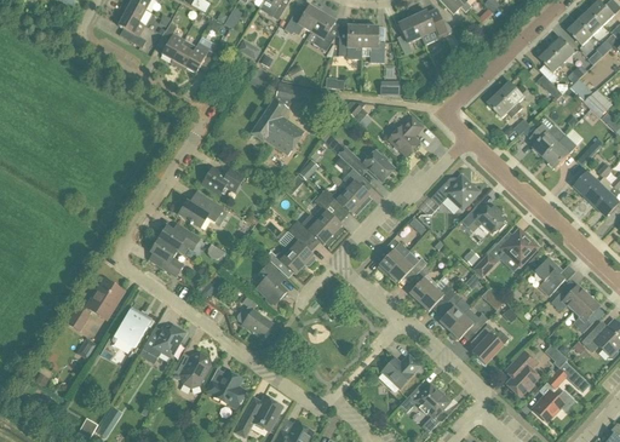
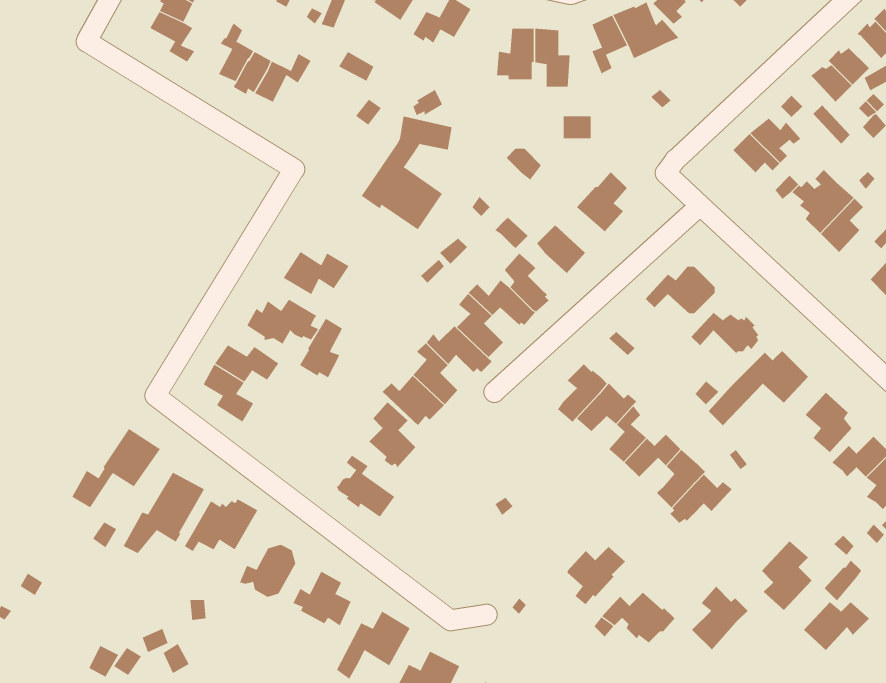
building: [310,13,334,51] -> none
building: none -> [299,318,343,378]
building: [471,323,507,364] -> [691,586,748,651]

